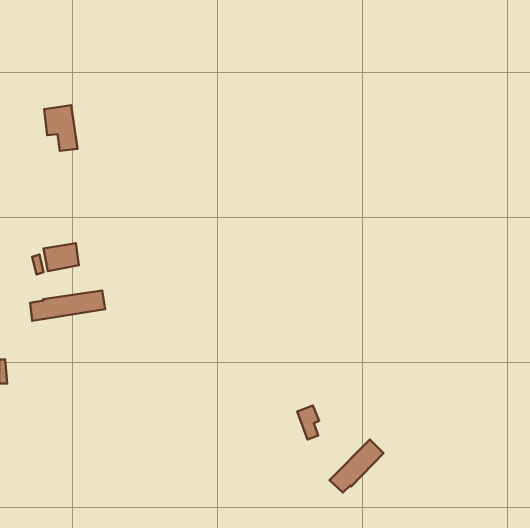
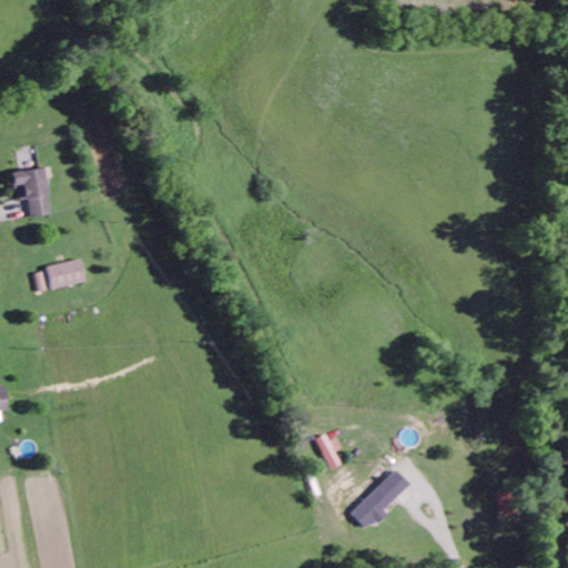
building: [44,105,77,151] -> [13,169,49,217]
building: [30,290,105,321] -> none

